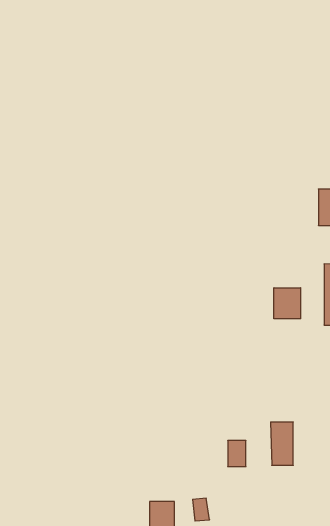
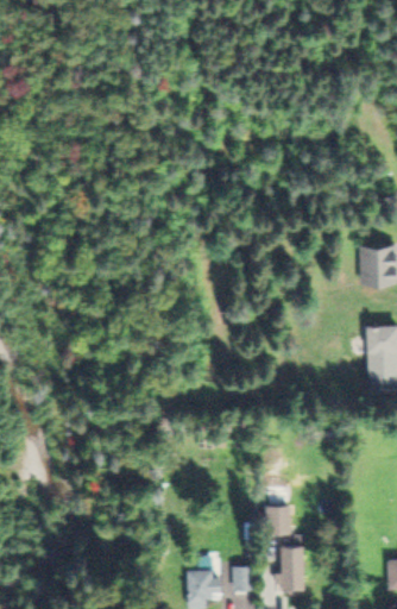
building: [274,288,301,319] -> none
building: [271,422,293,465] -> [278,547,302,592]

